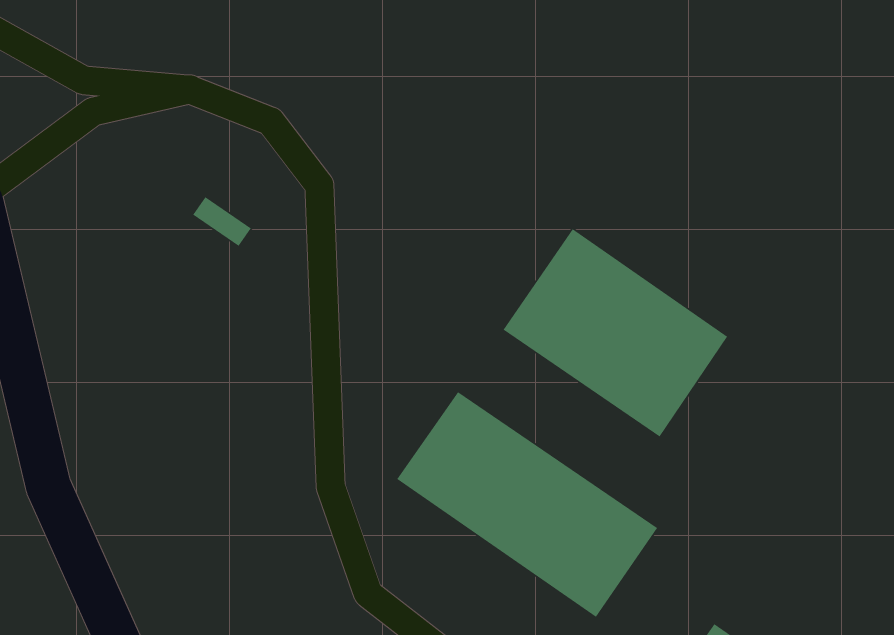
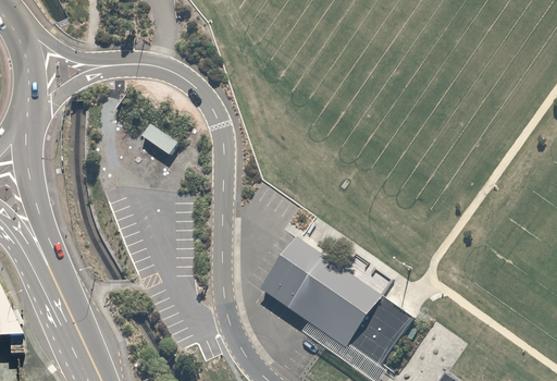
building: [502,228,728,437] -> none

